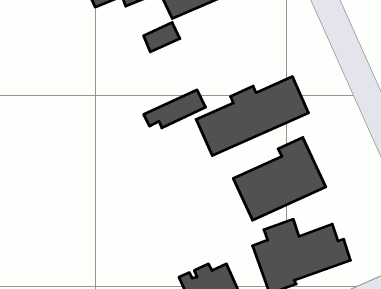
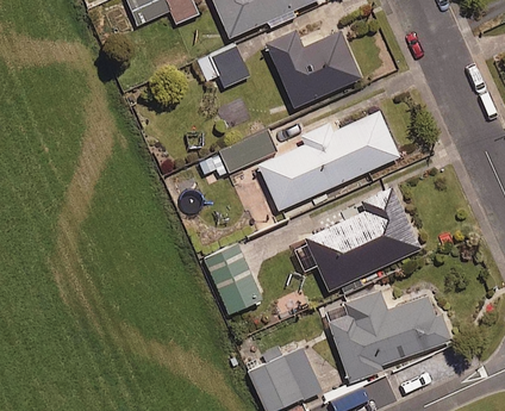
building: none -> [268,29,363,106]
building: none -> [200,239,258,310]

